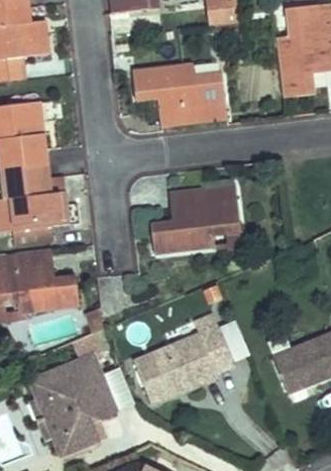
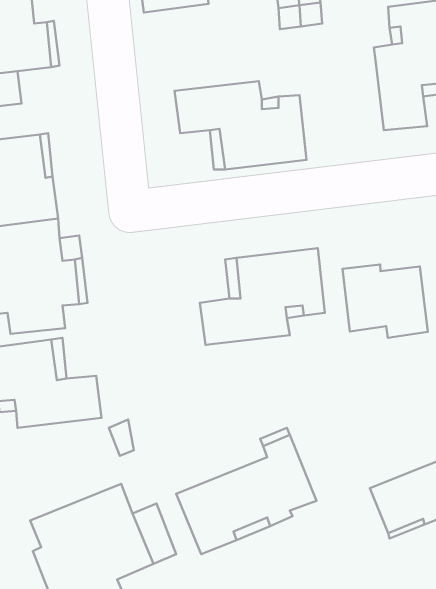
building: none -> [342,264,428,338]

